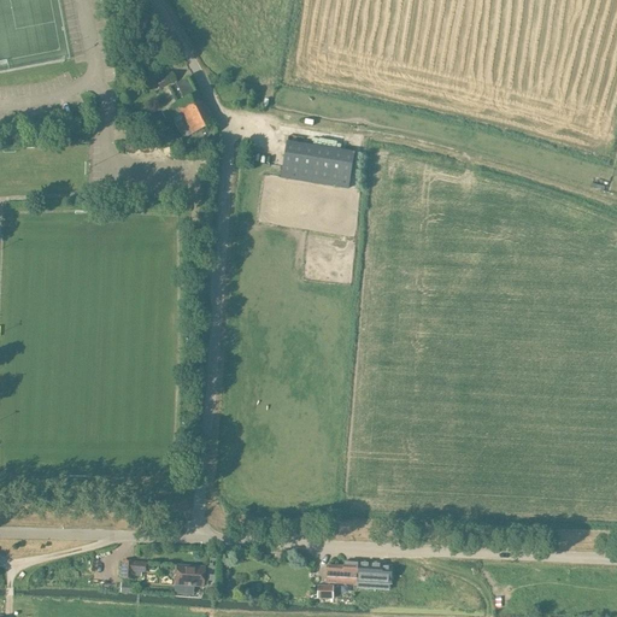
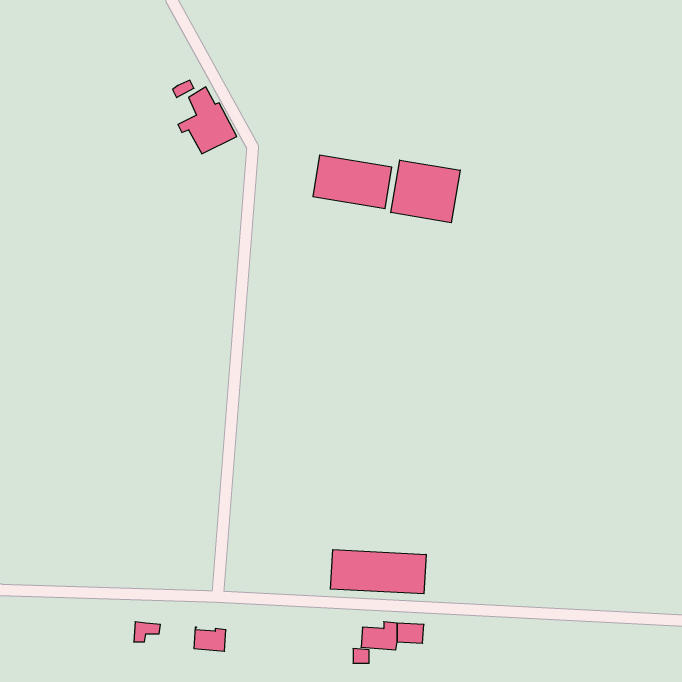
building: none -> [391,160,460,223]
building: none -> [330,550,426,594]

